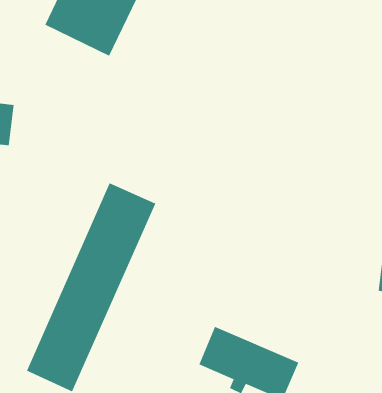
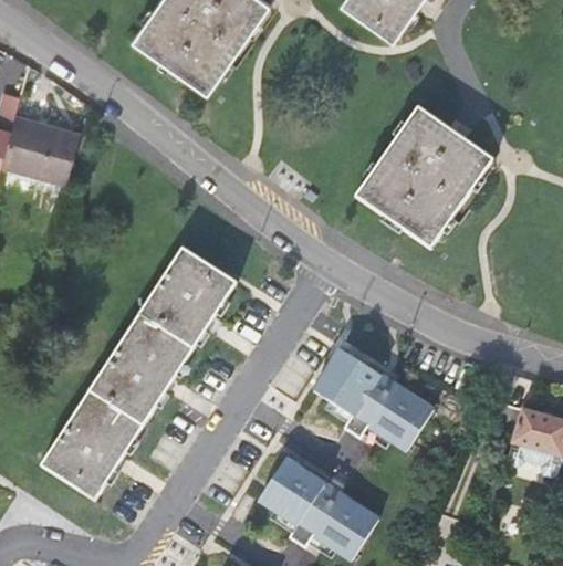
building: none -> [355,107,492,248]
building: none -> [311,347,436,452]

